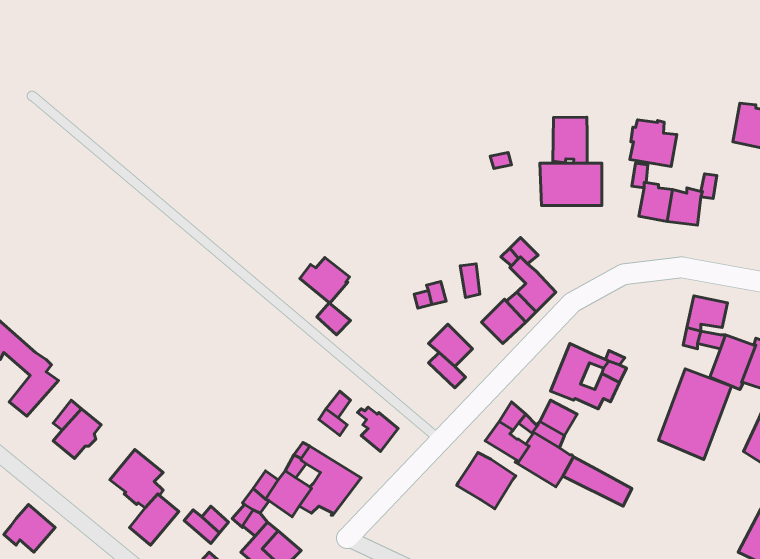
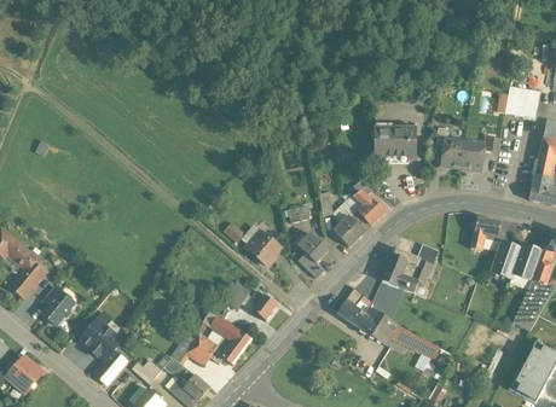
building: [553,117,587,163] -> none
building: [630,120,677,167] -> none
building: [300,257,349,303] -> [245,234,279,266]
building: [658,369,731,460] -> none
building: [457,452,516,509] -> none

